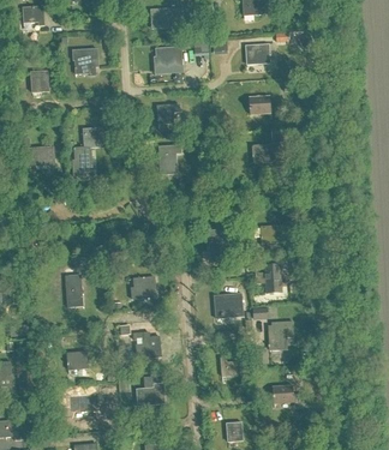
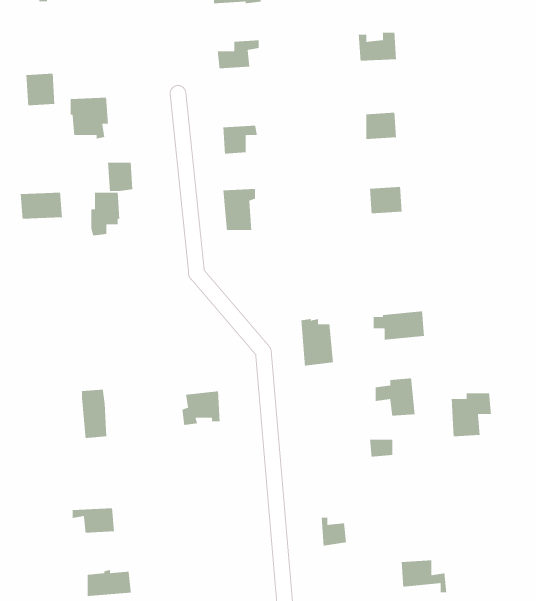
building: [73,48,98,76] -> [70,97,109,140]
building: [214,293,244,318] -> none
building: [268,322,294,350] -> [451,393,492,437]
building: [133,331,161,358] -> none
building: [136,383,166,406] -> none

